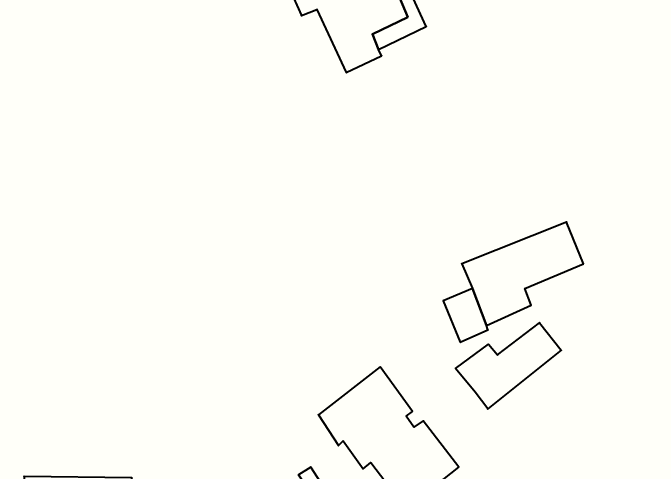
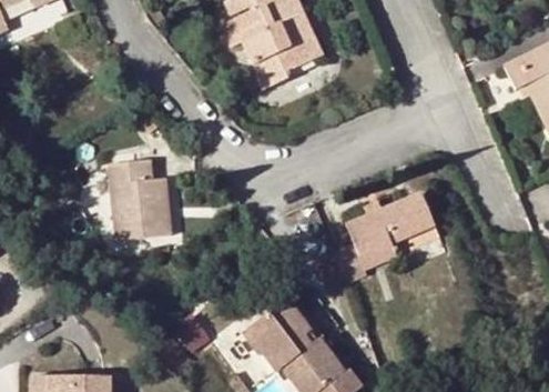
building: none -> [110,162,171,238]
building: [456,323,561,409] -> none

